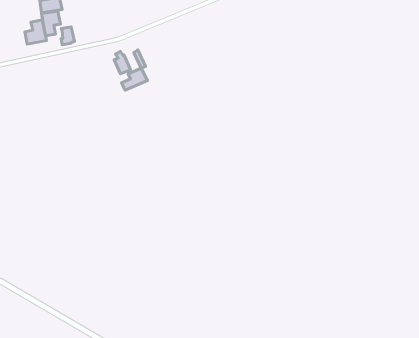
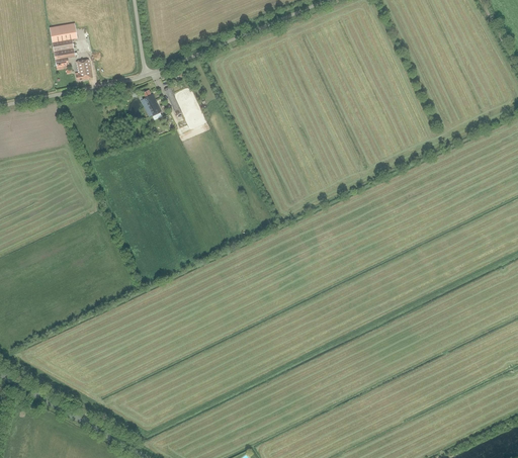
building: [25,20,47,44] -> none
building: [122,68,147,90] -> none

